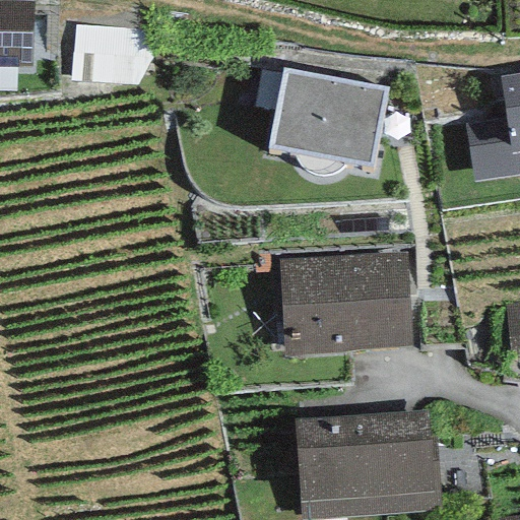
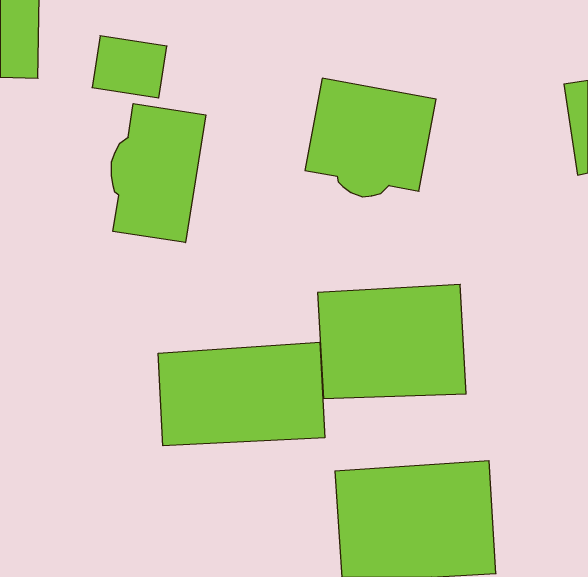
building: none -> [111,104,206,243]
building: none -> [158,342,325,446]

